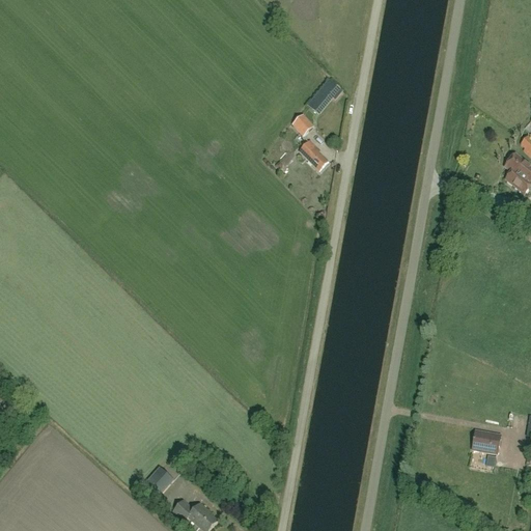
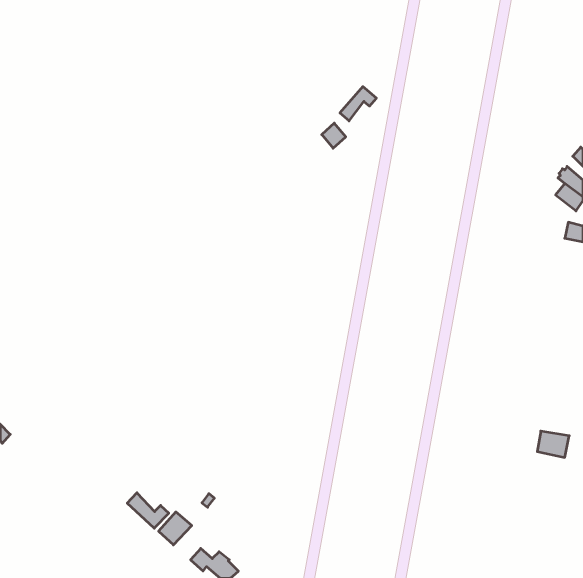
building: [300,138,329,169] -> none
building: [472,428,501,452] -> [537,431,569,457]
building: none -> [127,493,169,528]

